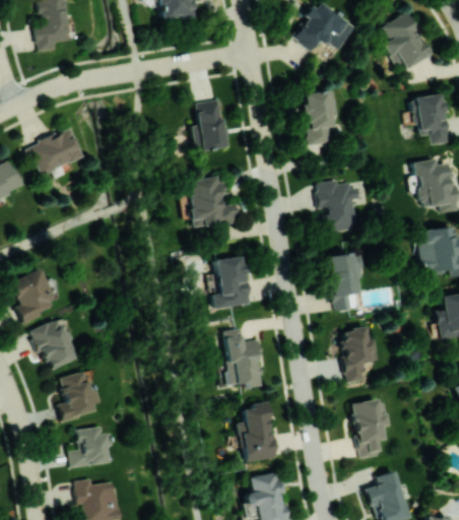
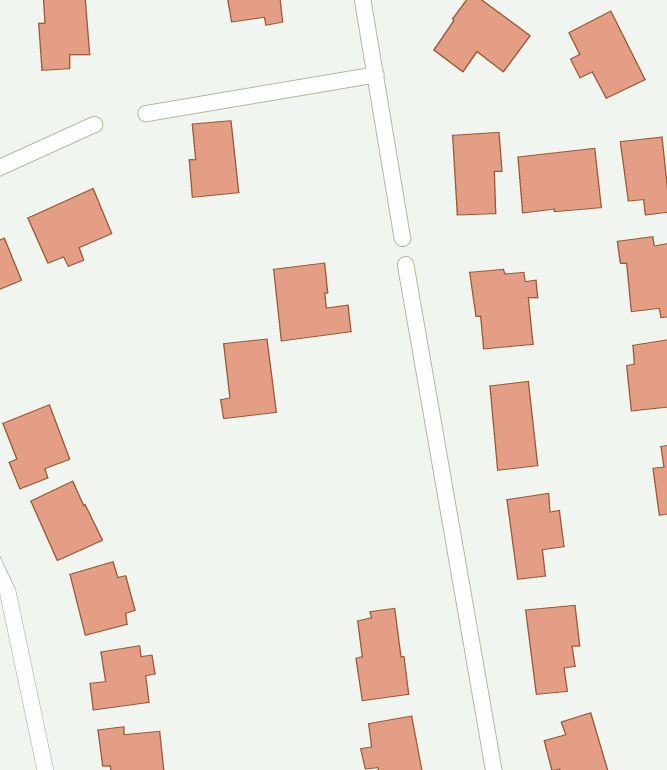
building: [194,100,226,149] -> [189,121,239,197]
building: none -> [518,148,601,213]
building: [214,256,251,308] -> [220,339,276,418]
building: [224,328,263,387] -> none

